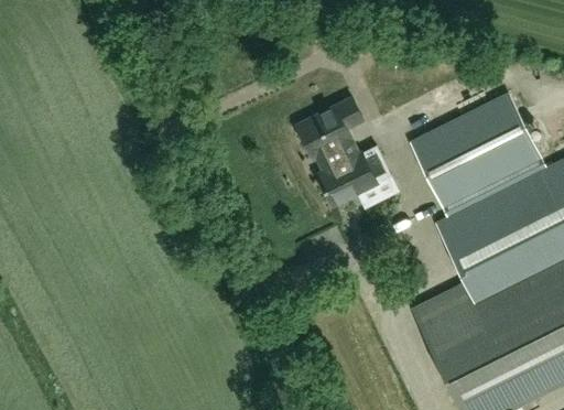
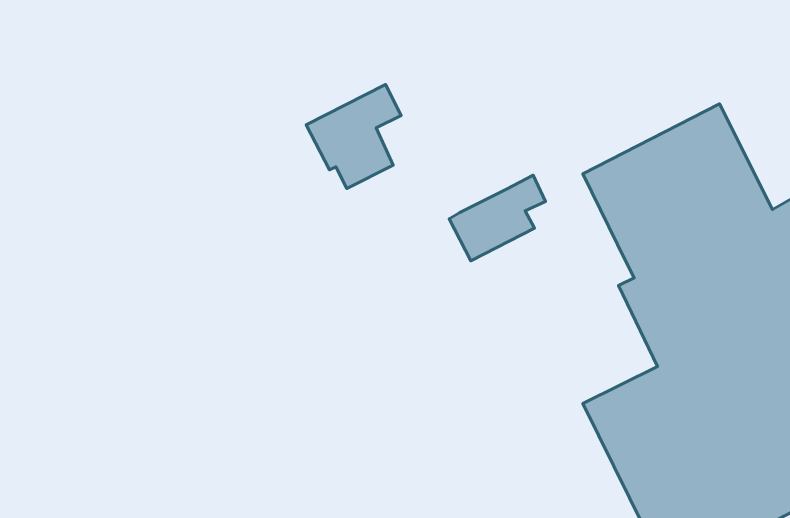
building: [297,98,365,172] -> [306,84,401,189]

